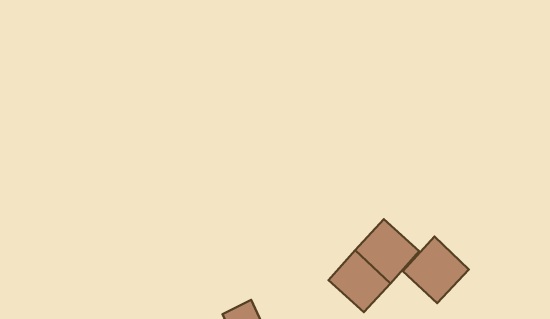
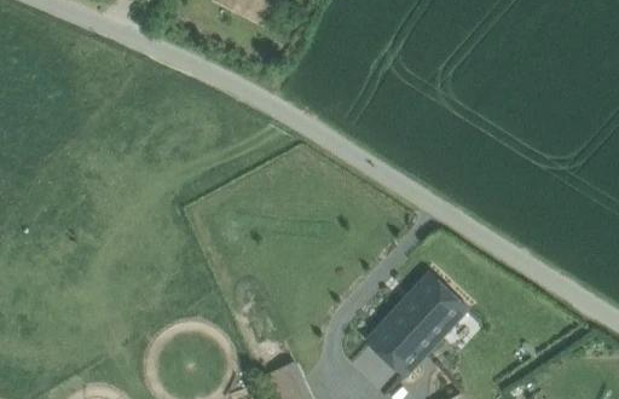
building: [403,237,469,303] -> none

